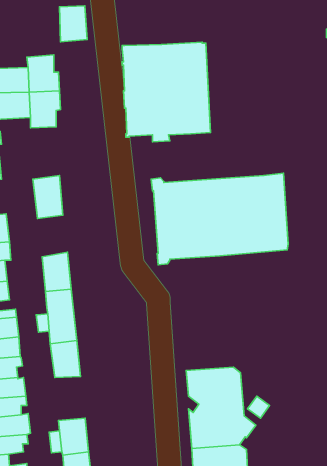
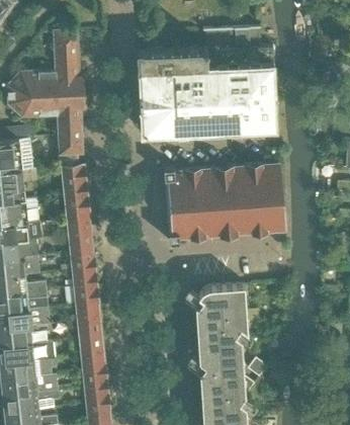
building: [59,6,87,42] -> [55,33,79,65]
building: none -> [211,29,276,141]
building: none -> [58,125,83,157]
building: none -> [65,202,91,239]
building: none -> [192,286,248,338]
building: none -> [80,343,106,381]

